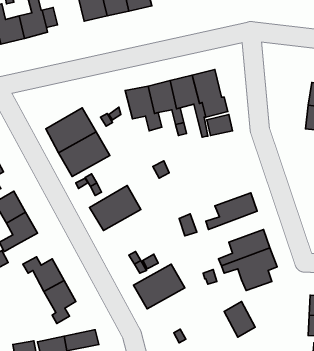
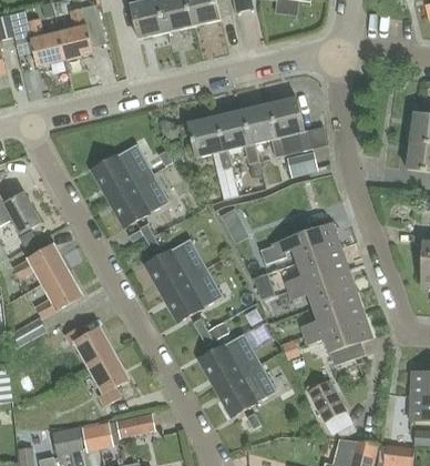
building: none -> [260,224,339,264]
building: none -> [161,266,222,321]
building: none -> [288,269,355,306]
building: none -> [214,362,276,416]

